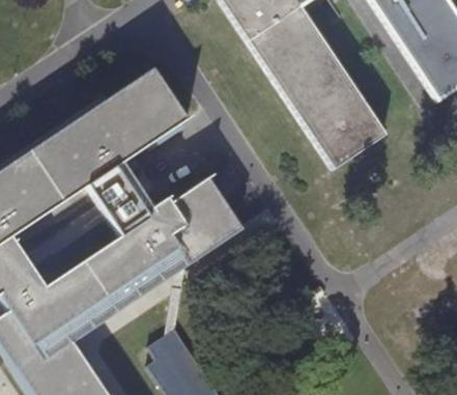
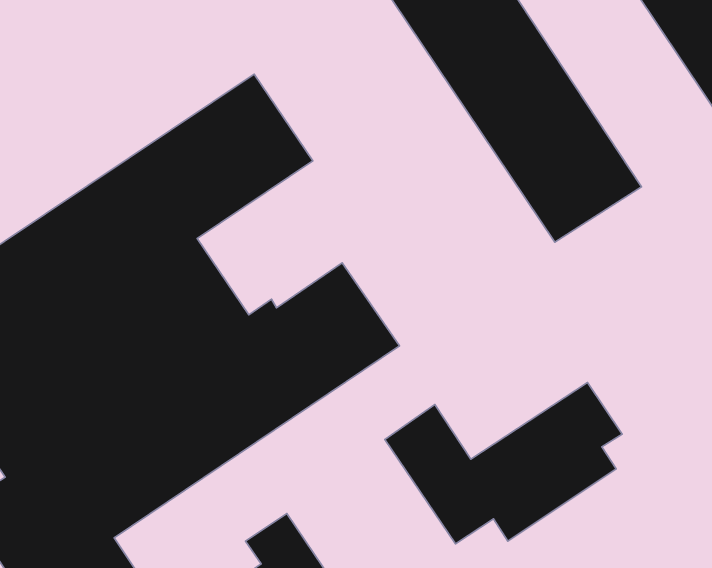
building: none -> [385,382,622,544]

